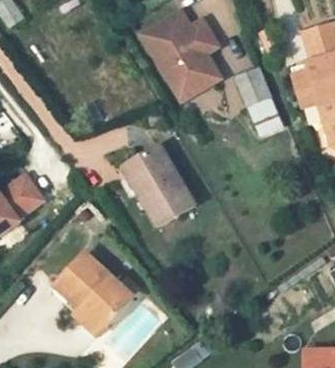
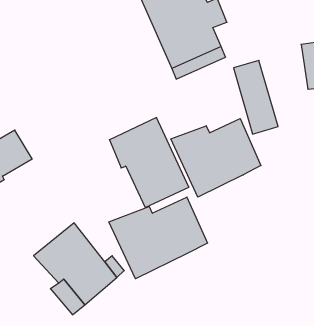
building: none -> [171,119,261,197]
building: none -> [109,197,207,279]

